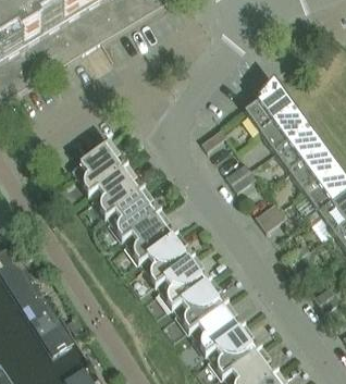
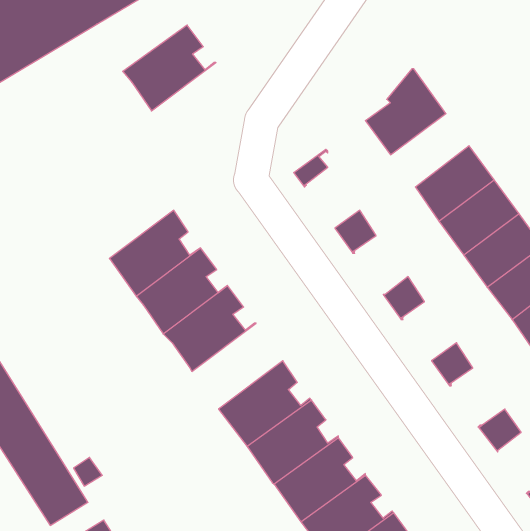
building: [258,104,306,149] -> none
building: [70,140,126,193] -> [123,25,216,111]
building: [137,232,193,284] -> none

